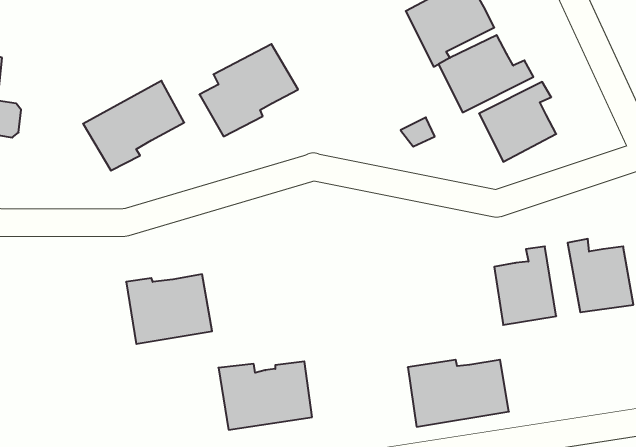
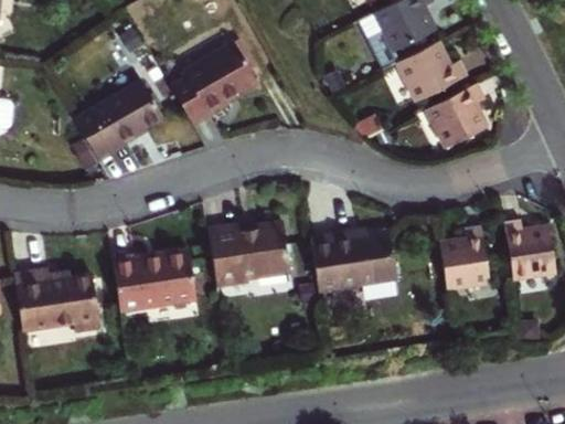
building: none -> [18,269,104,332]
building: [408,360,509,427] -> [309,237,397,296]
building: [218,361,312,430] -> [207,224,289,284]

